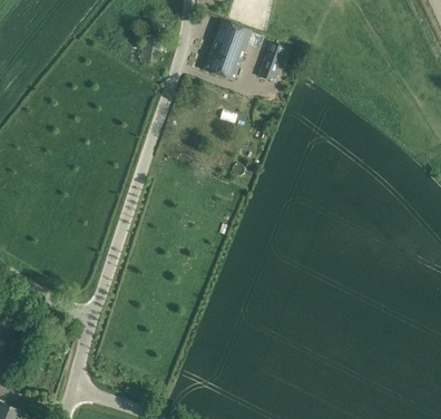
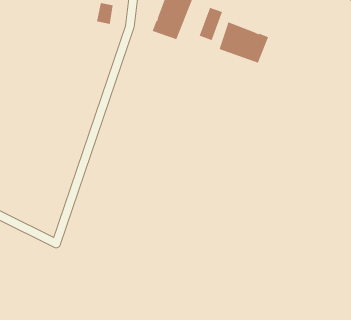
building: none -> [219,21,269,63]

